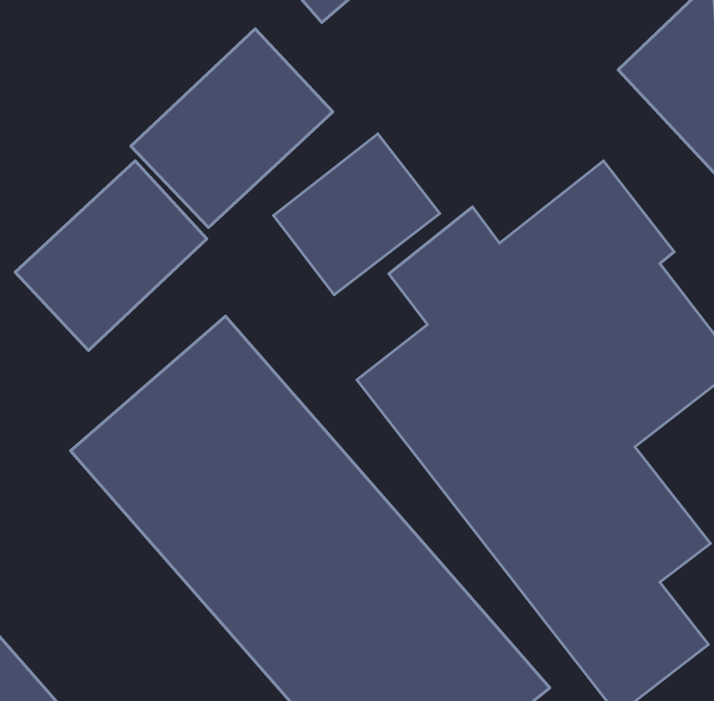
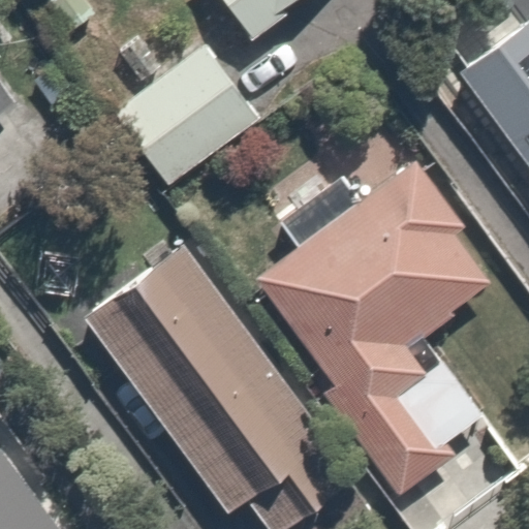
building: [273,134,440,295] -> none
building: [15,161,207,350] -> none

